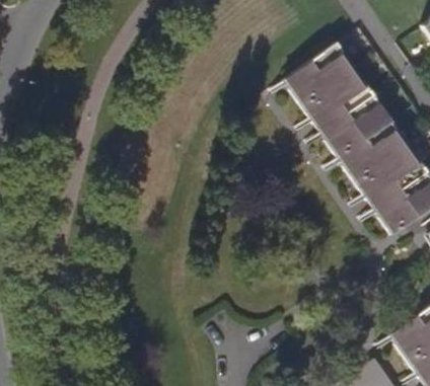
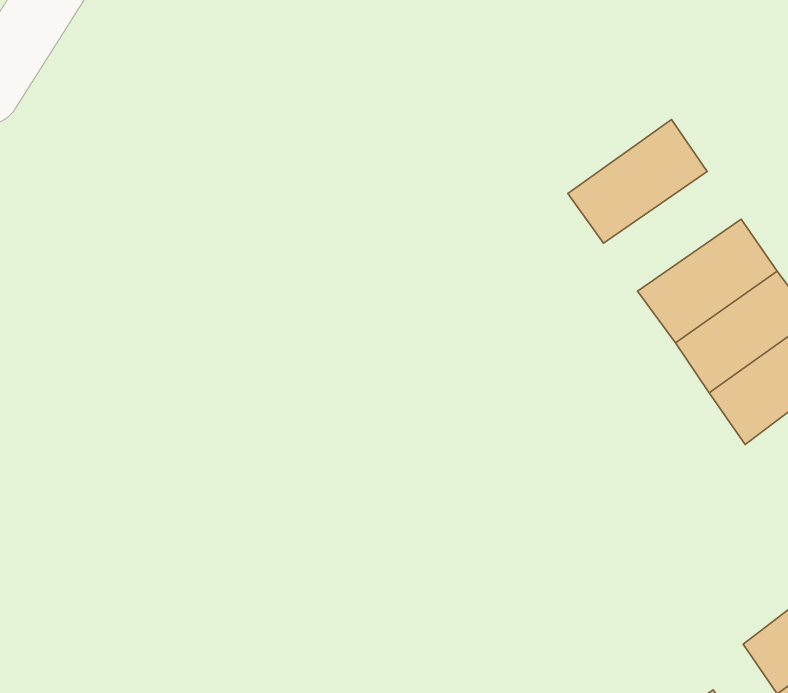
building: [283,44,355,106] -> none
building: [320,95,390,156] -> none

